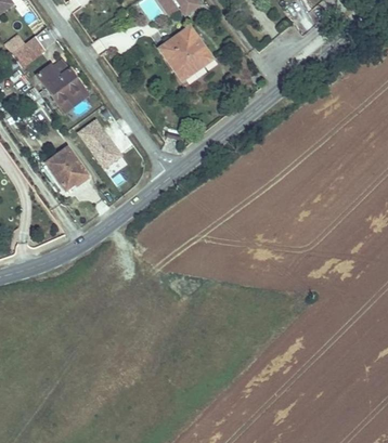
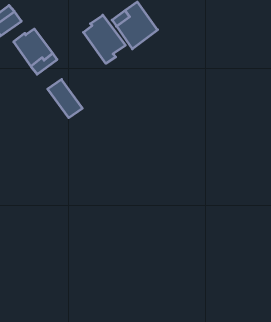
building: none -> [83,15,125,63]
building: [46,147,85,190] -> none

